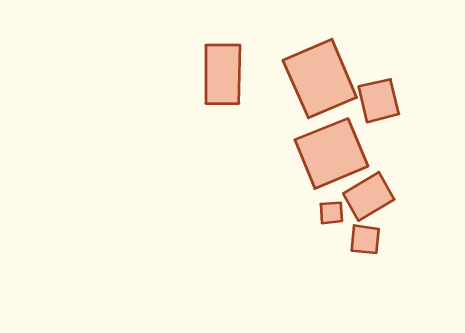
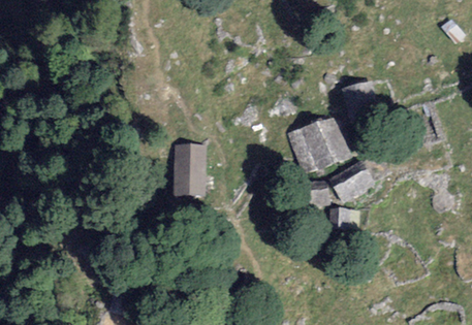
building: [283,39,357,118] -> none
building: [206,45,240,103] -> [175,143,204,194]

